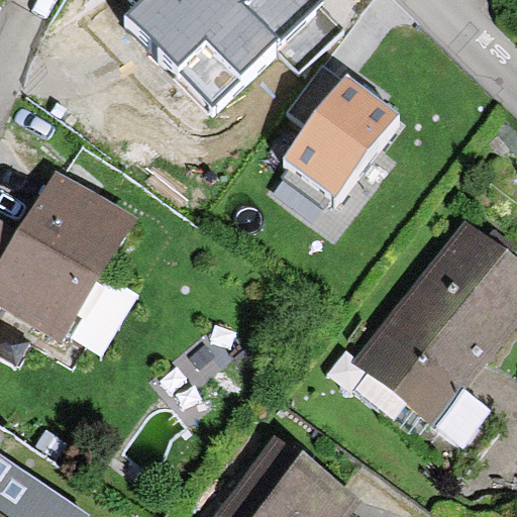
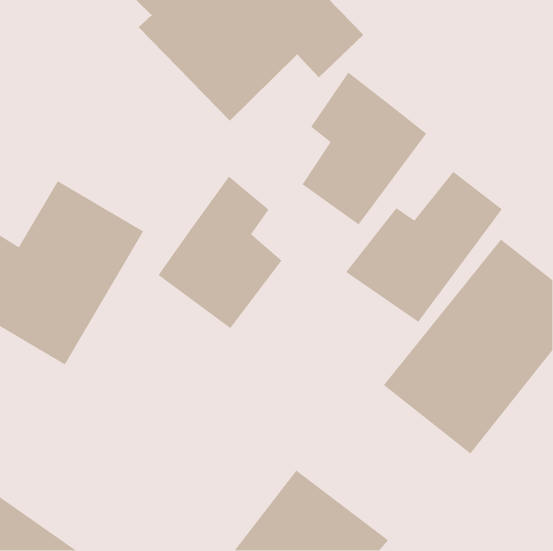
building: none -> [345,171,503,323]
building: none -> [157,176,282,329]

